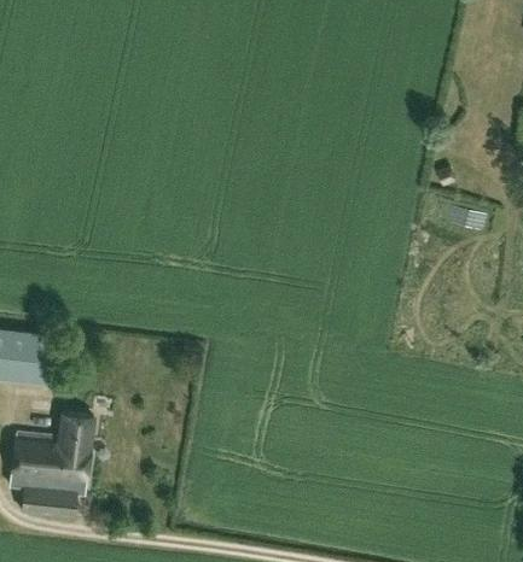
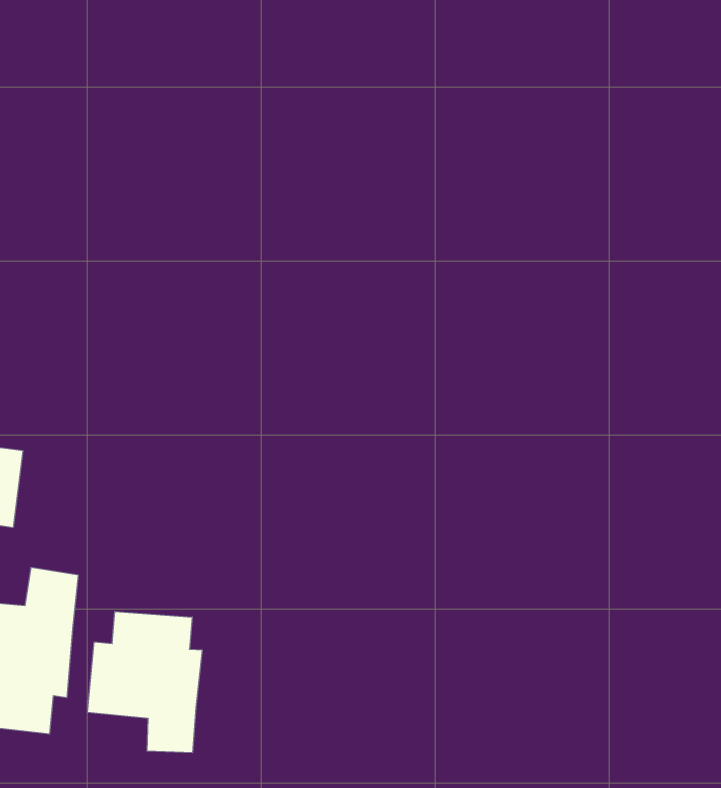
building: none -> [87,611,202,753]

